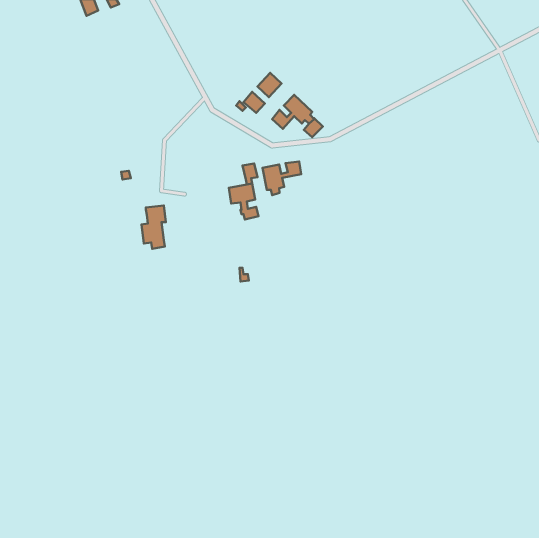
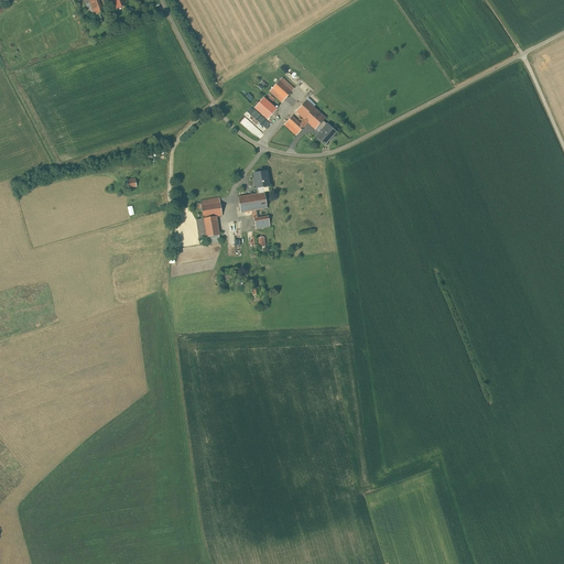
building: [263,162,301,195] -> none
building: [142,205,166,249] -> [196,198,221,243]

